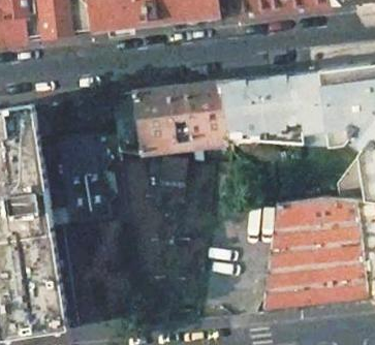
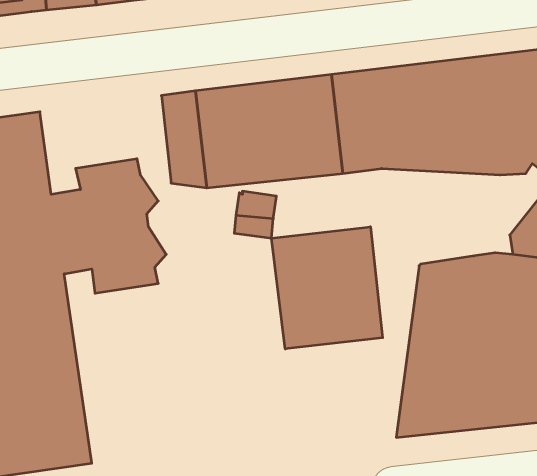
building: none -> [272,227,383,349]

